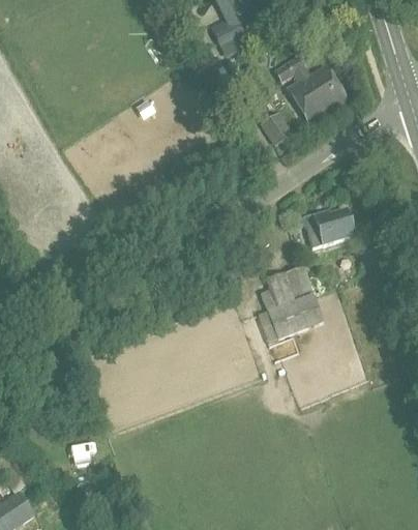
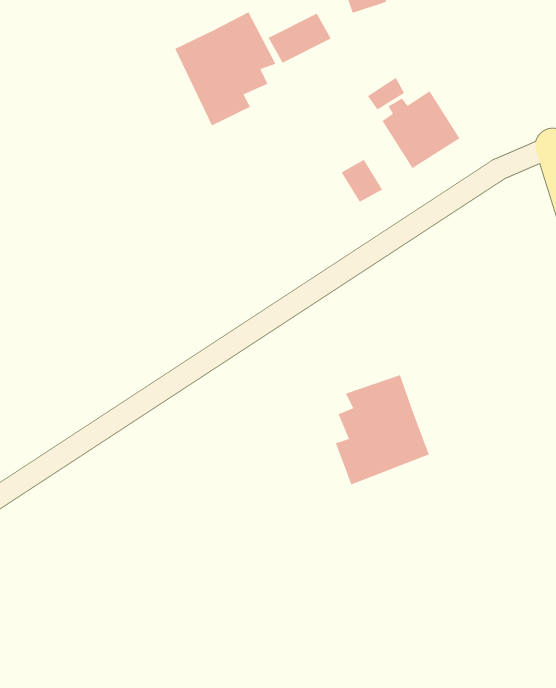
building: none -> [174,11,277,126]
building: [302,210,352,248] -> none

